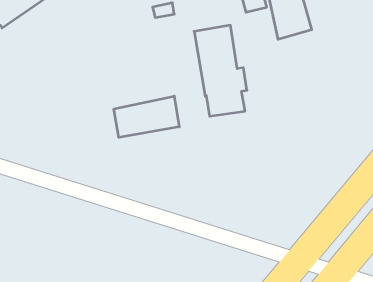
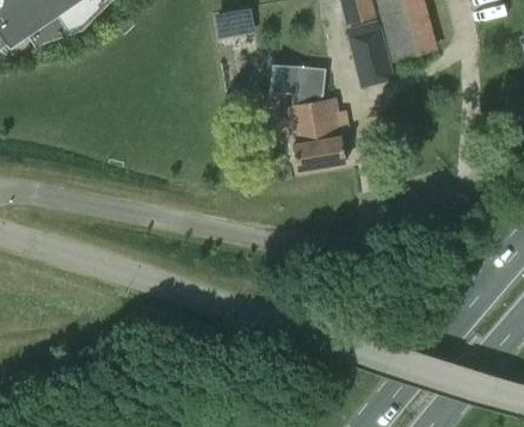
building: none -> [350,29,394,86]
building: [114,96,179,137] -> none

